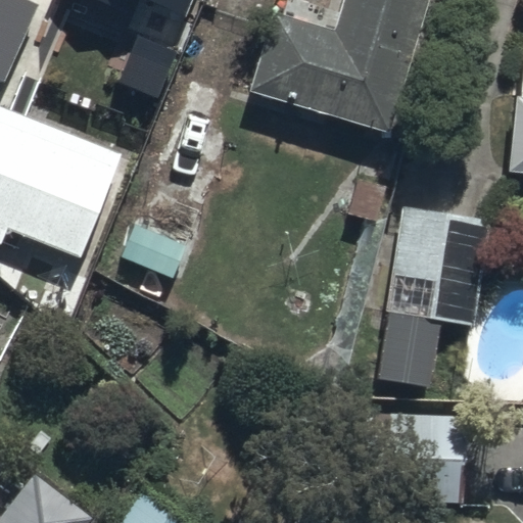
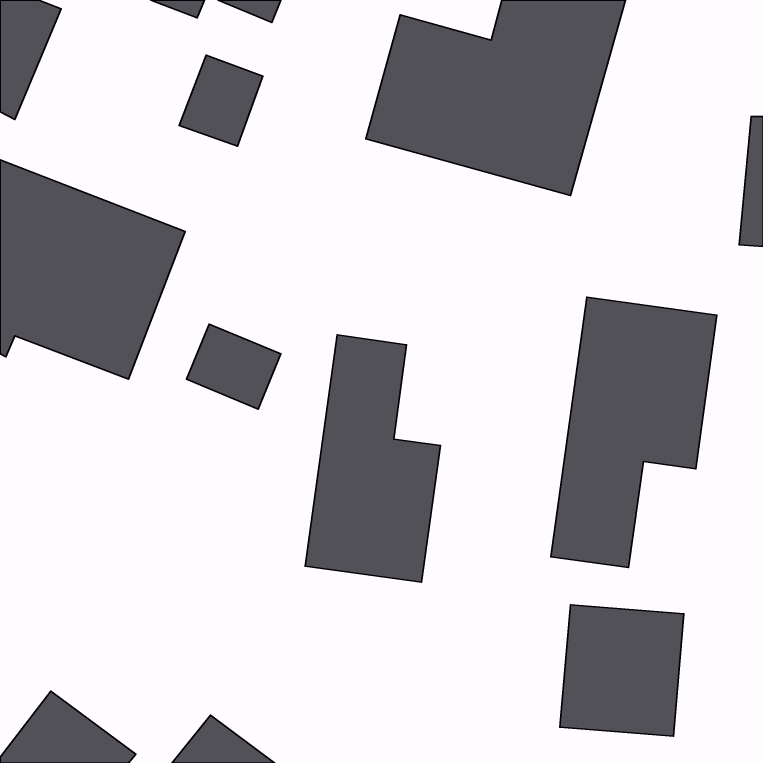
building: none -> [305,335,441,582]

